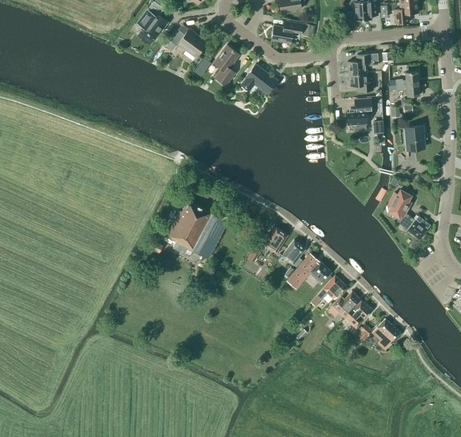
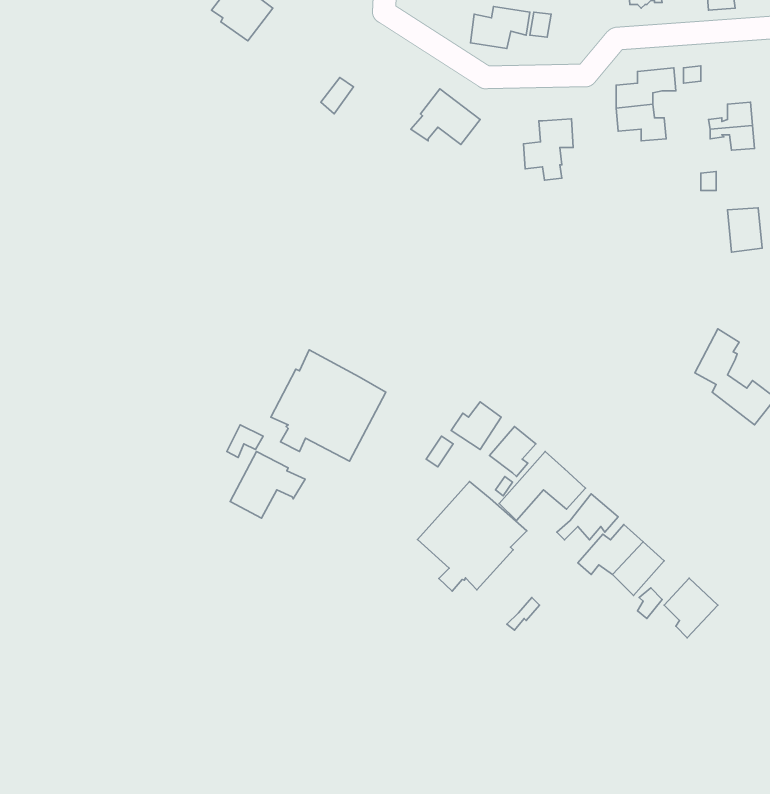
building: [169,28,206,62] -> none
building: [214,45,239,85] -> none
building: [346,99,372,131] -> [523,119,573,180]
building: none -> [230,451,305,518]
building: none -> [417,481,527,591]

